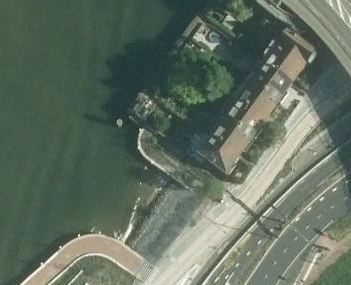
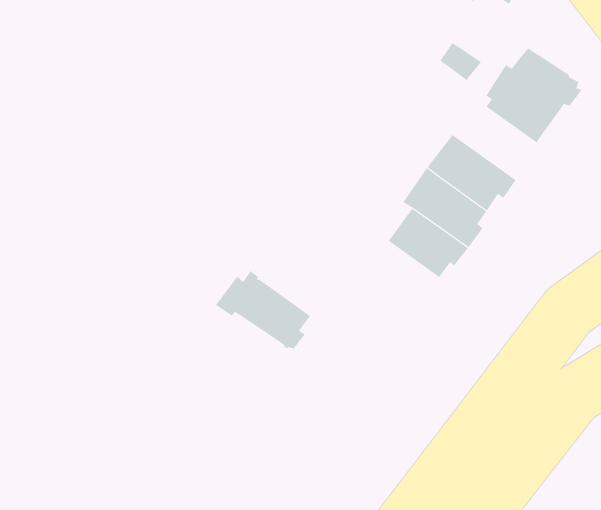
building: [247,56,293,99] -> none
building: [188,127,240,170] -> [215,270,311,349]

